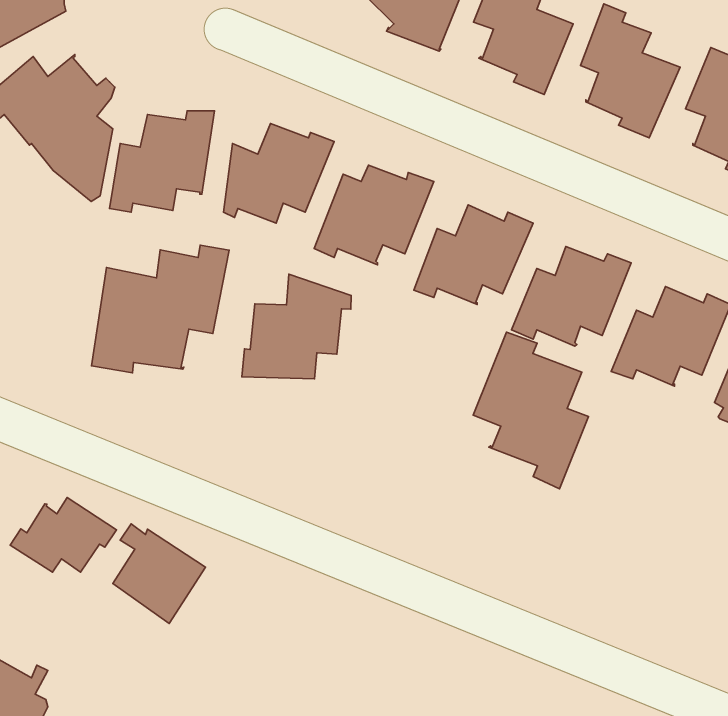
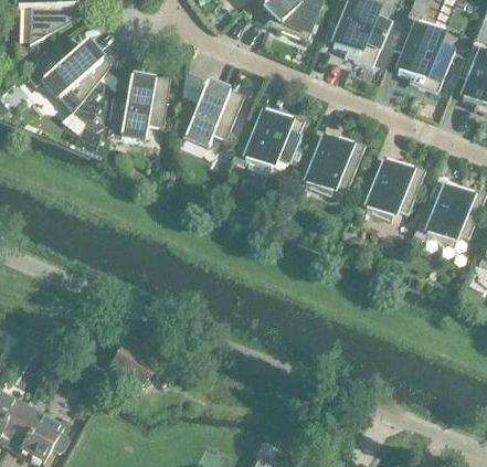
building: [92,245,229,373] -> none
building: [242,274,351,379] -> none
building: [473,332,588,489] -> none
building: [10,498,116,572] -> none

